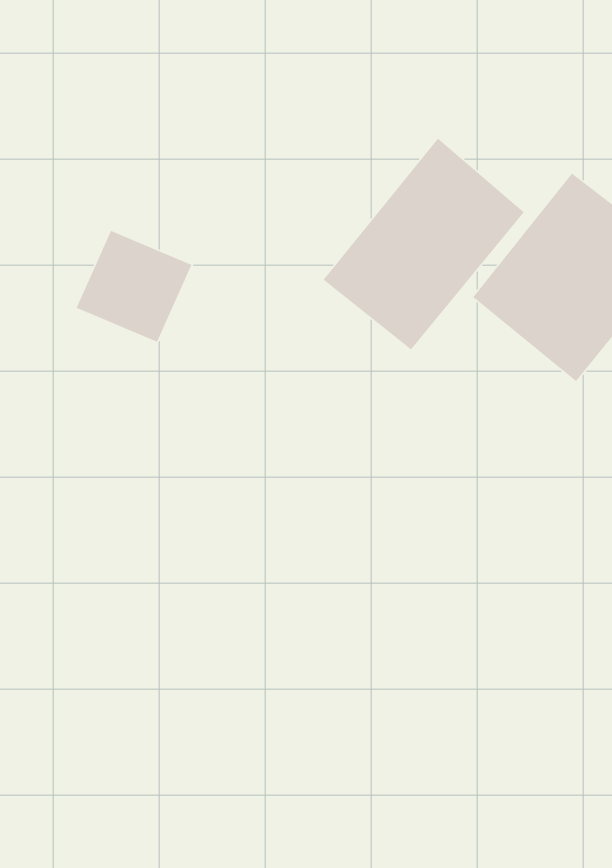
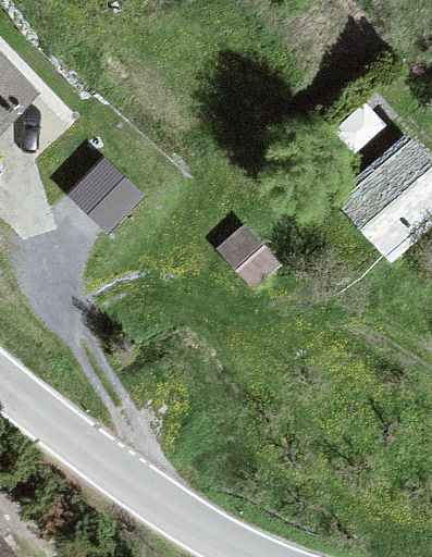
building: [322,137,525,351] -> none

